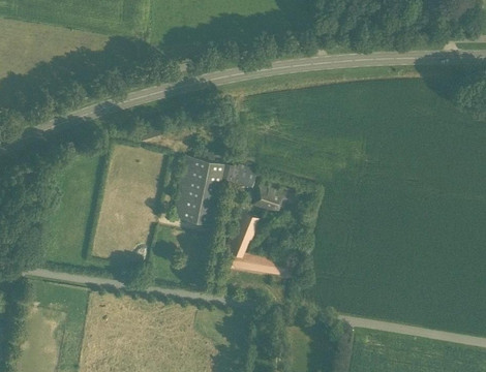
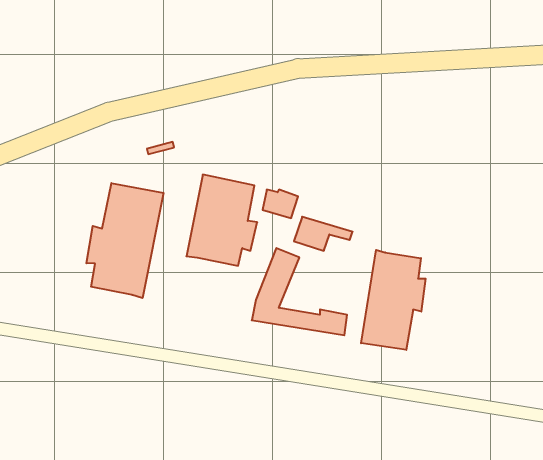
building: none -> [86,183,163,298]
building: none -> [361,250,426,350]

